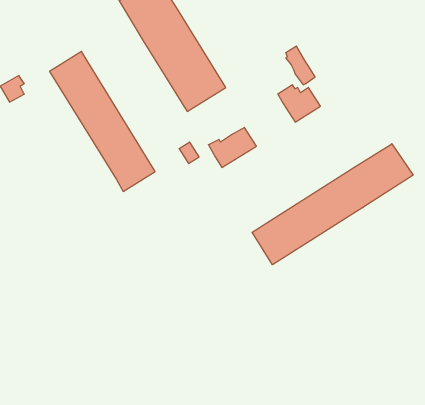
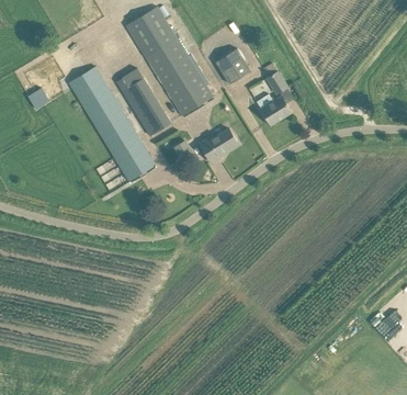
building: none -> [215,47,250,82]
building: none -> [115,67,170,135]
building: [252,144,413,265] -> none

